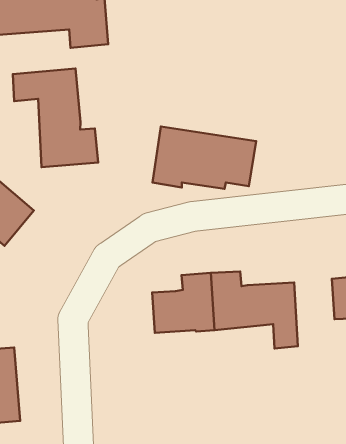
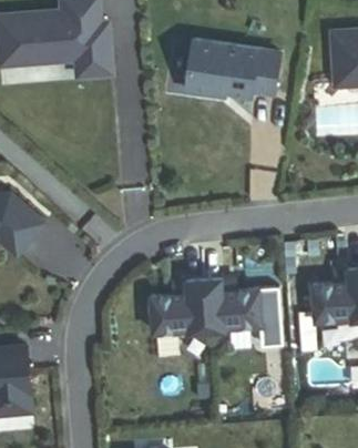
building: [13,69,98,167] -> none
building: [152,126,256,189] -> [184,39,278,95]

